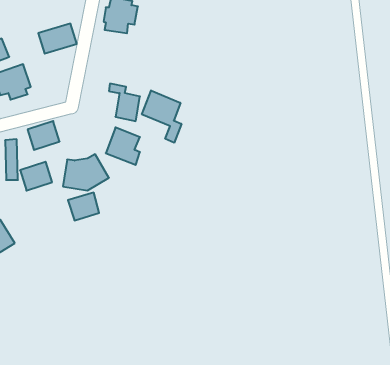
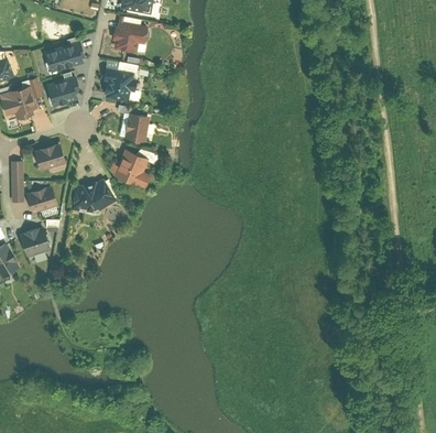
building: none -> [102,66,138,101]
building: none -> [46,76,80,107]
building: [142,90,181,143] -> none
building: [68,193,99,220] -> [20,227,52,256]

